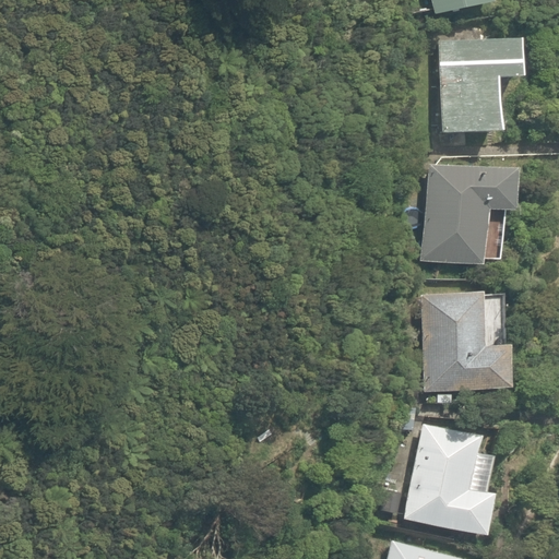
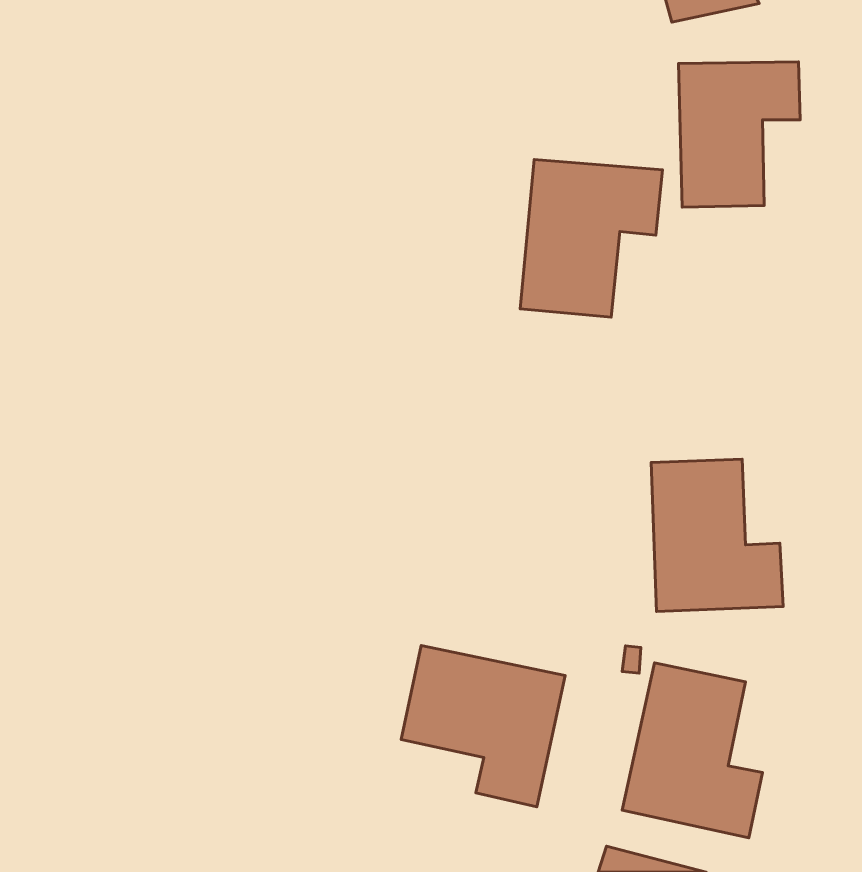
building: [423,164,513,264] -> [520,160,663,317]
building: none -> [401,645,565,807]

